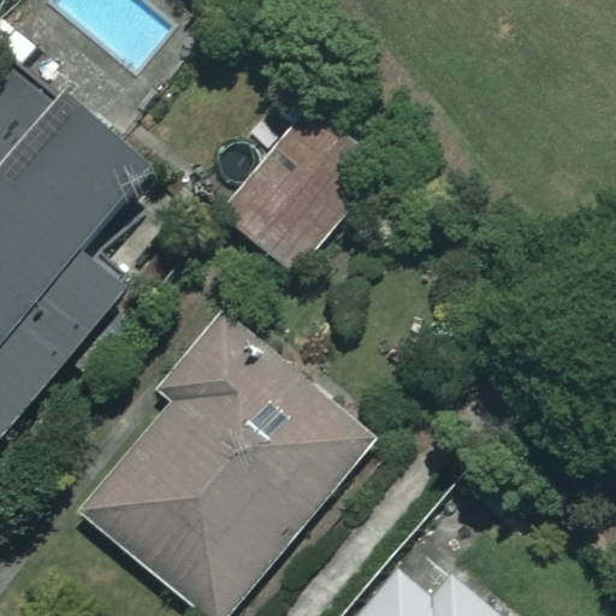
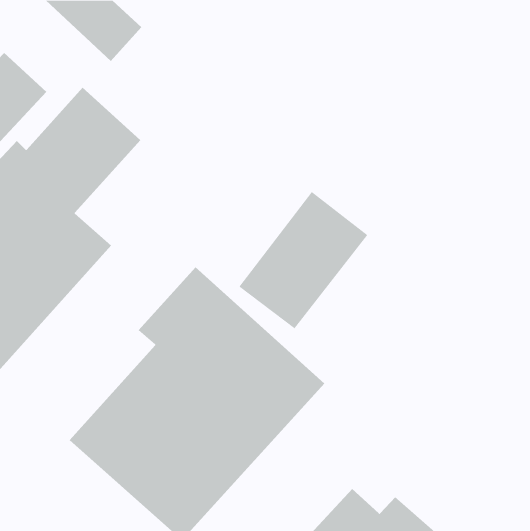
building: [227,109,377,268] -> [238,191,368,329]

